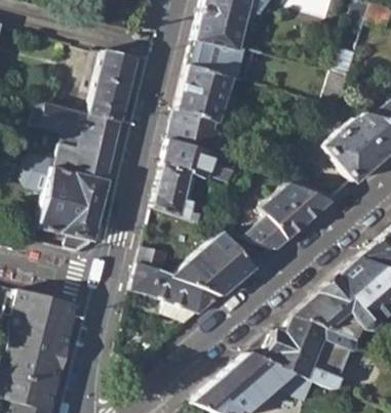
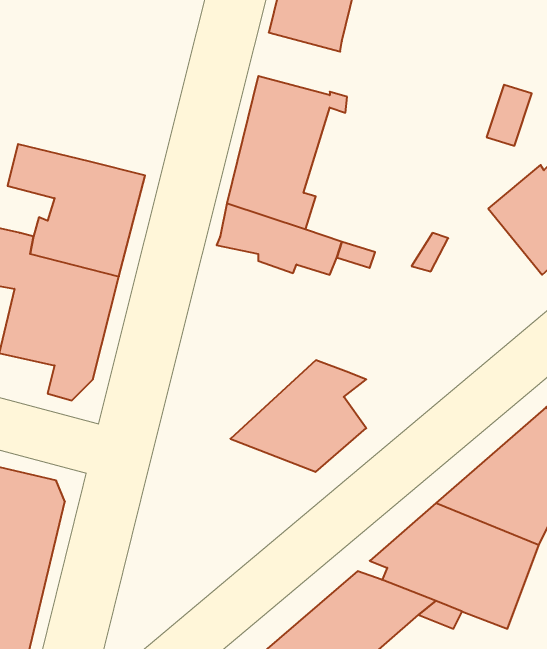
building: [189,37,256,77] -> none
building: [89,50,138,121] -> none
building: [154,162,198,220] -> none
building: [242,180,338,249] -> none
building: [133,262,223,324] -> none

